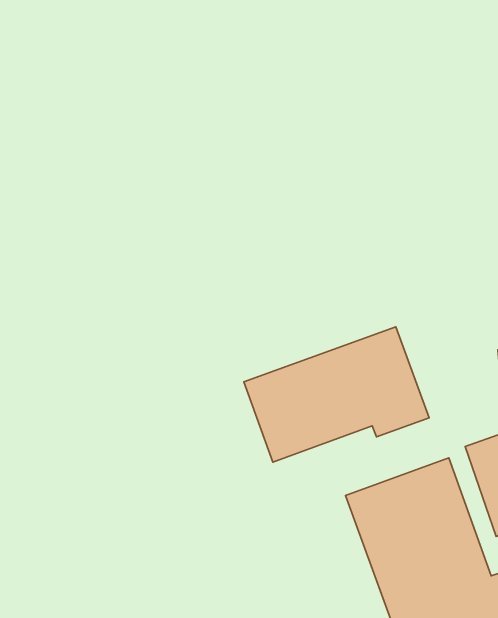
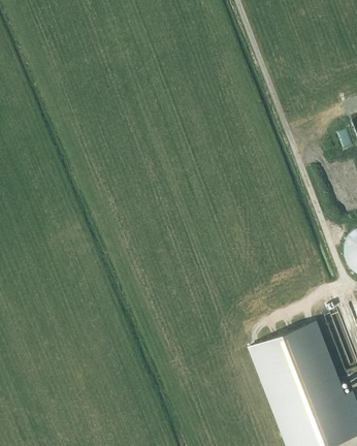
building: [244,327,429,462] -> none

